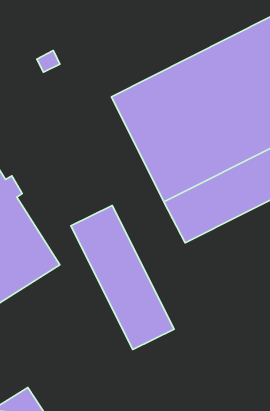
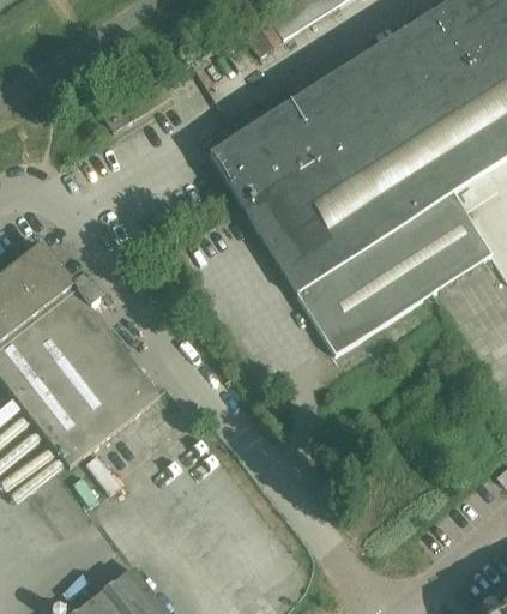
building: [71,206,174,349] -> none

